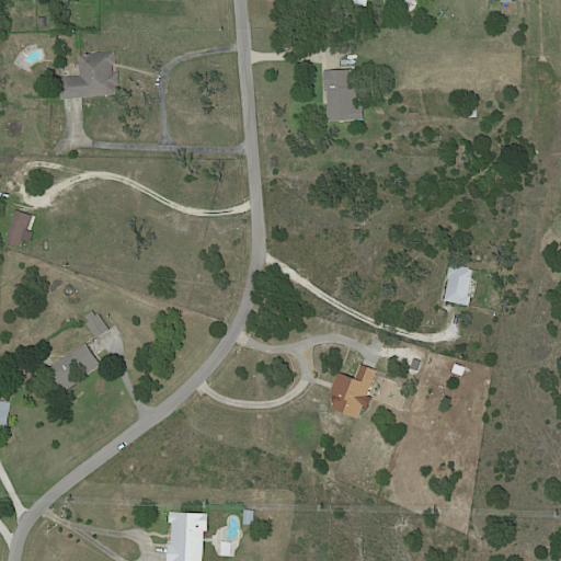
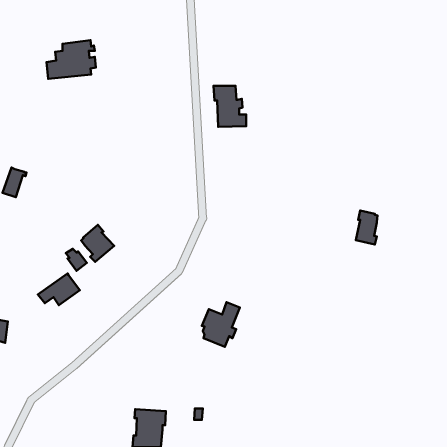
building: [322,69,363,121] -> [214,86,246,127]
building: none -> [81,225,114,262]
building: [329,363,376,419] -> [202,302,240,347]

